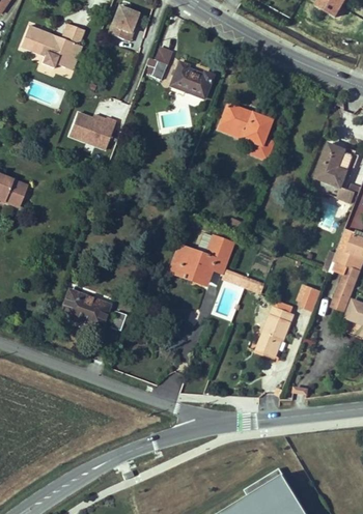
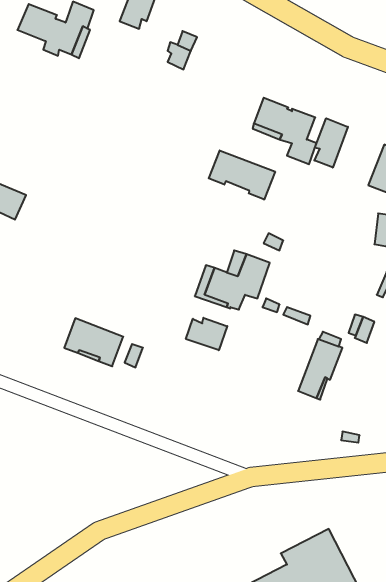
building: [170,62,213,97] -> none
building: [68,112,115,149] -> none
building: none -> [314,118,348,168]
building: none -> [209,150,275,200]
building: none -> [186,318,227,350]

